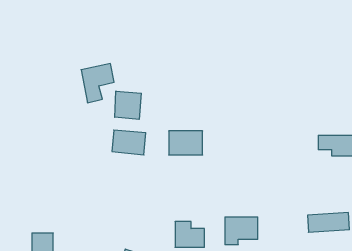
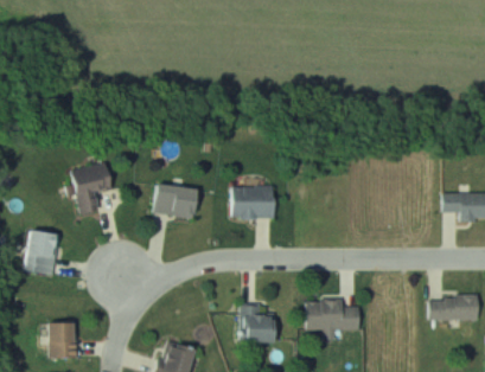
building: [81,64,114,103] -> [71,162,115,214]
building: [115,91,141,119] -> none
building: none -> [27,230,59,274]

